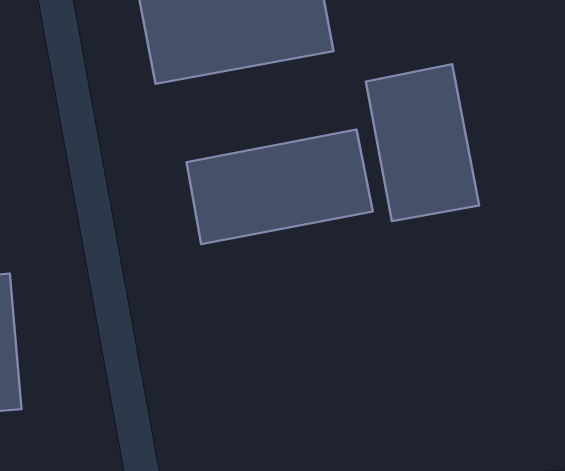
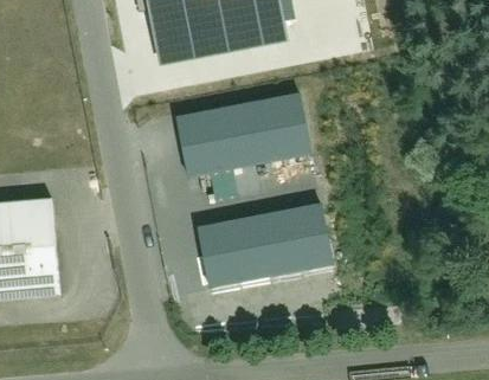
building: [366,64,479,221] -> none
building: none -> [195,204,330,286]

